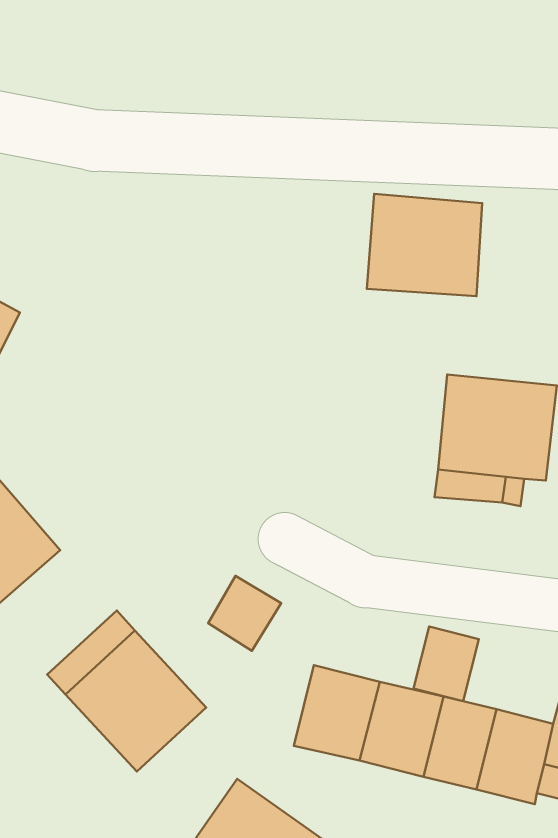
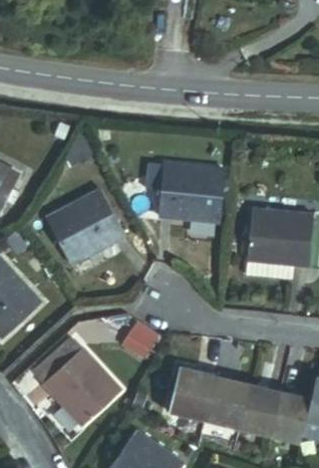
building: [367,194,482,296] -> [158,165,222,221]
building: none -> [47,189,124,263]
building: [414,626,479,701] -> none

